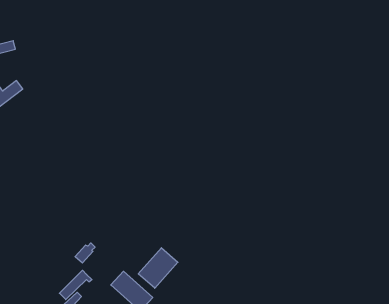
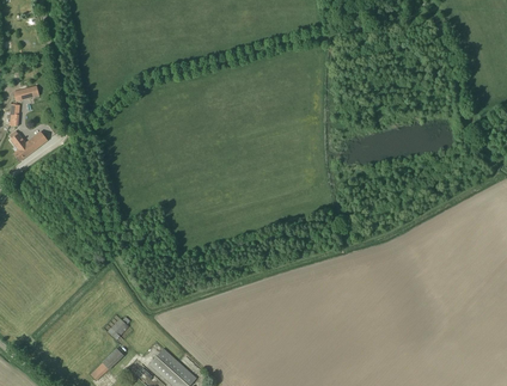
building: [138,248,178,288] -> none

